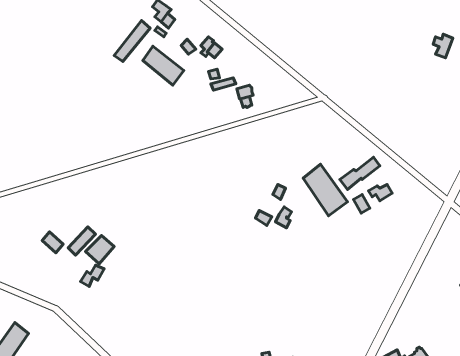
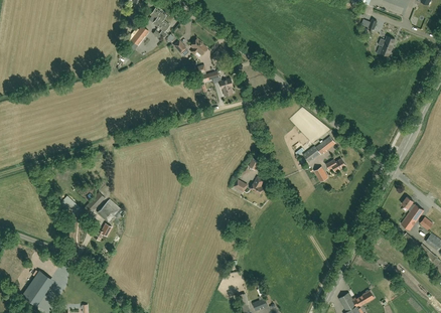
building: [143,46,184,85] -> none
building: [303,164,347,216] -> none

